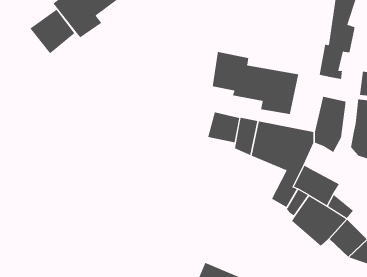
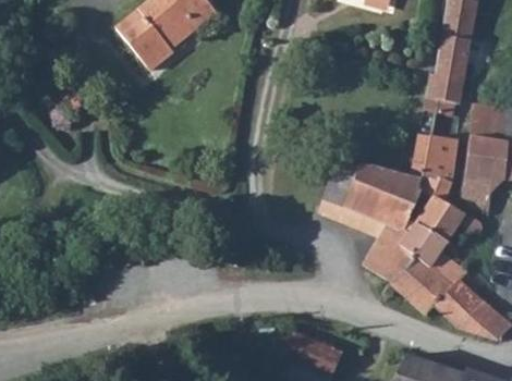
building: [30,9,75,54] -> none
building: [212,51,299,115] -> none
building: [208,111,240,143] -> none
building: none -> [415,195,465,239]

